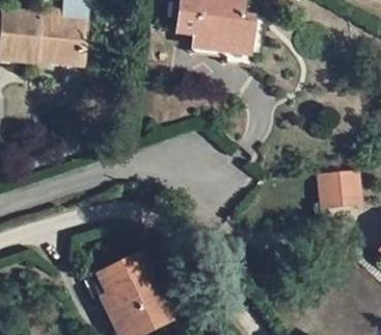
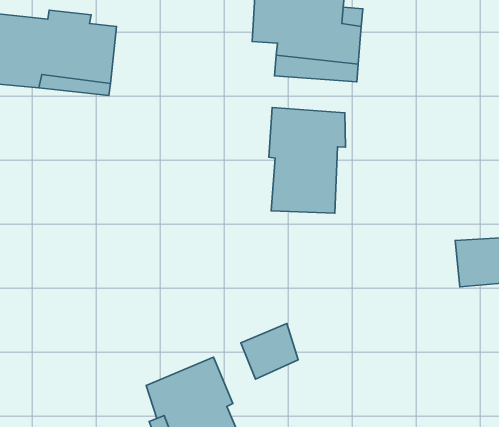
building: none -> [269,107,345,213]
building: none -> [241,323,298,379]

